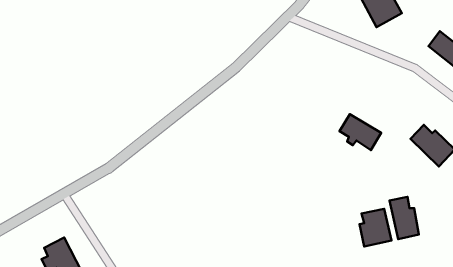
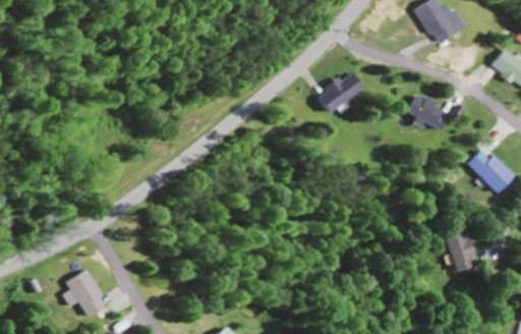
building: none -> [317,71,364,113]
building: [340,114,381,150] -> [407,93,452,131]
building: [359,209,392,246] -> none

